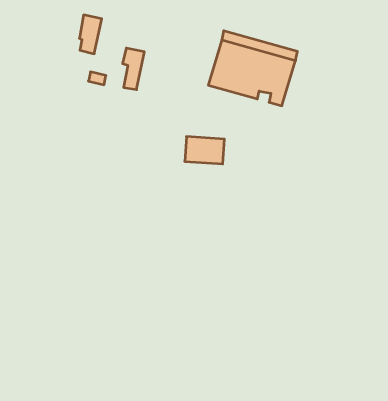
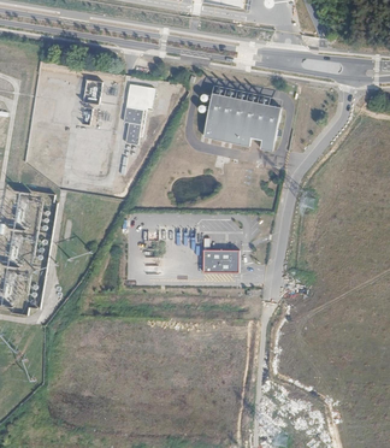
building: none -> [125,81,153,108]
building: [185,137,224,164] -> [202,249,237,272]

